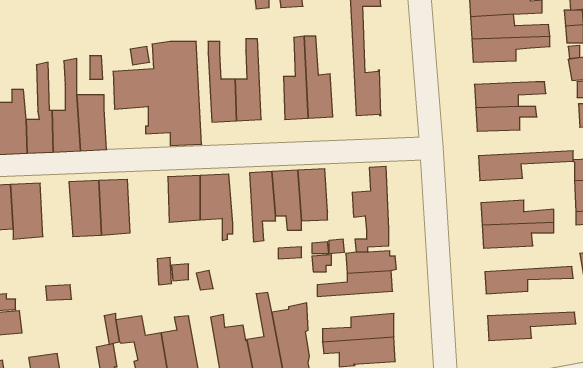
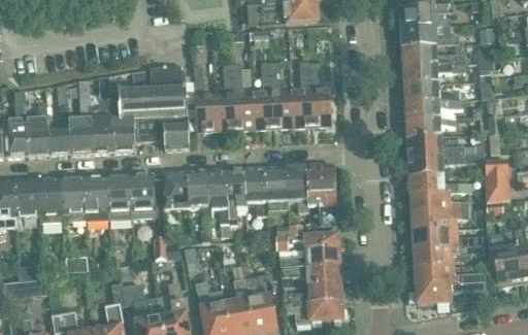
building: none -> [291,61,311,126]
building: none -> [233,64,255,128]
building: none -> [404,81,454,100]
building: none -> [111,118,146,152]
building: none -> [407,136,464,157]
building: none -> [287,166,323,211]
building: none -> [210,170,231,237]
building: none -> [130,174,156,217]
building: none -> [409,174,472,194]
building: none -> [61,177,87,221]
building: none -> [412,228,483,248]
building: none -> [280,264,341,284]
building: none -> [415,264,485,283]

